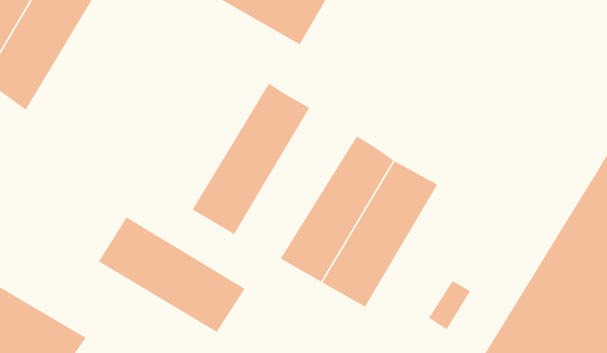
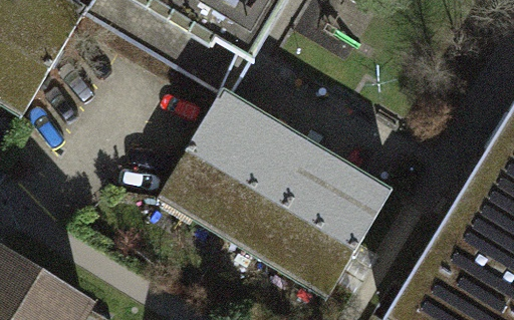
building: none -> [192,109,289,230]
building: none -> [296,171,391,293]
building: [98,216,246,333] -> none

